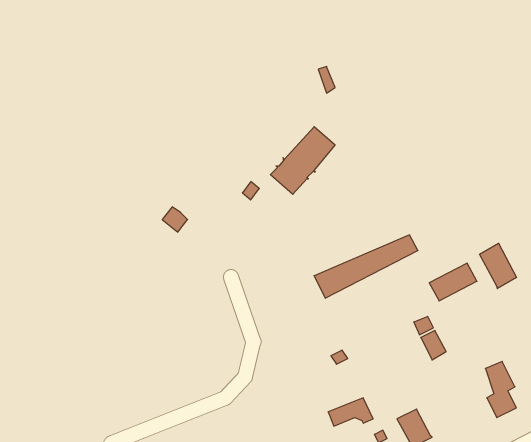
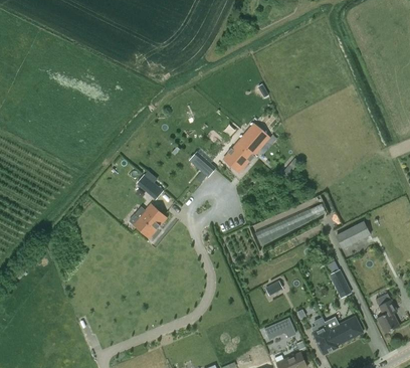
building: none -> [136,206,166,237]
building: [480,243,516,289] -> none
building: none -> [324,316,362,345]

